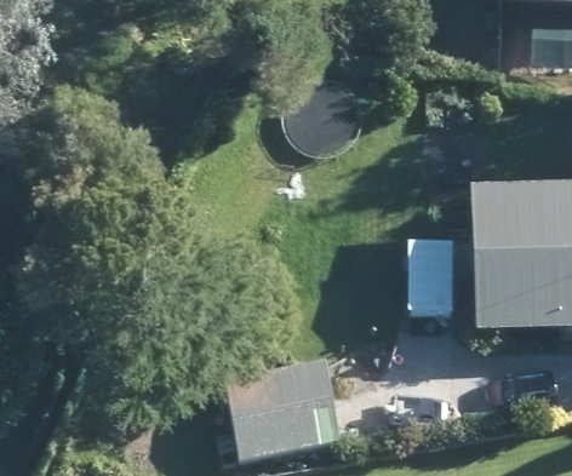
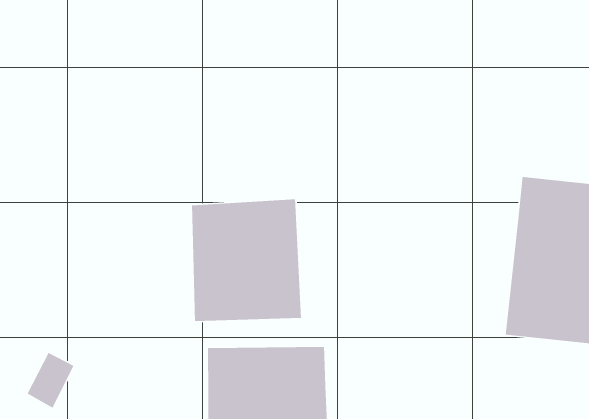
building: none -> [191,198,302,322]

